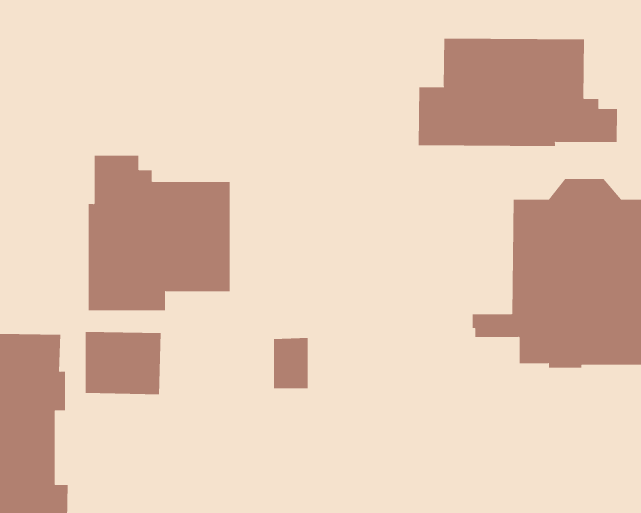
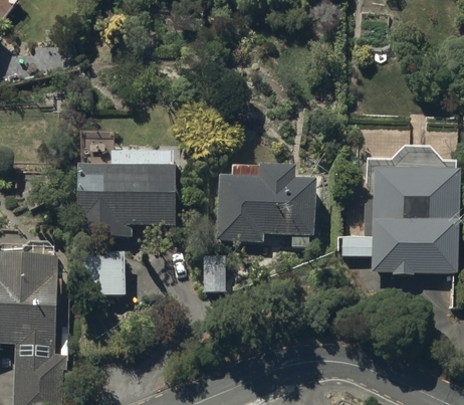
building: [418,38,618,147] -> none
building: none -> [216,161,316,246]

